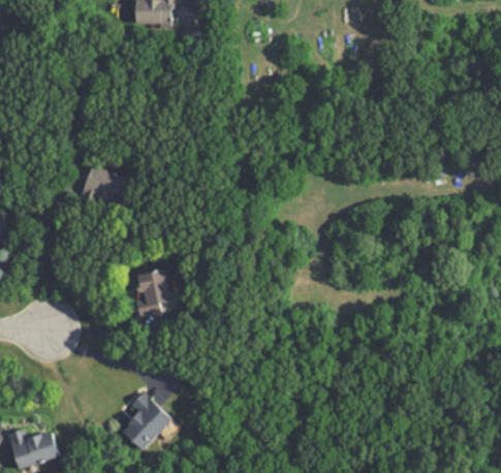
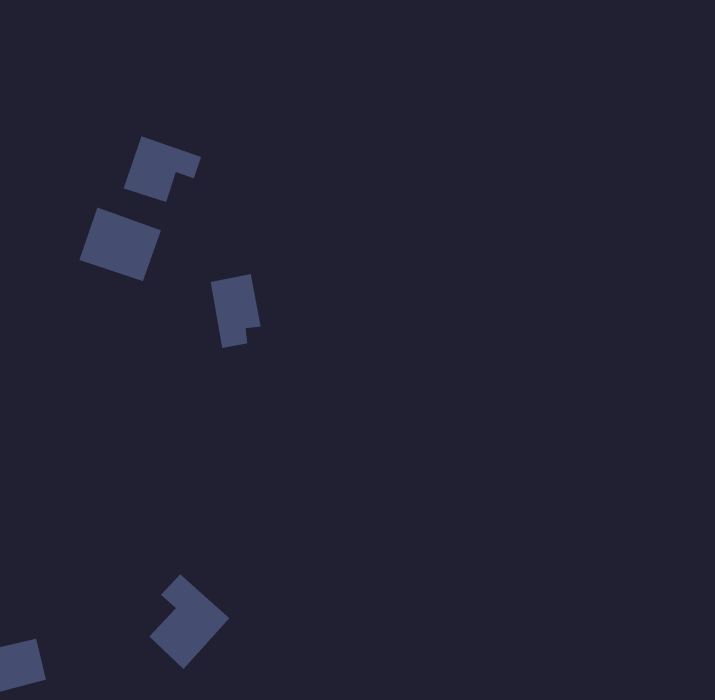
building: none -> [123,136,202,203]
building: [136,269,168,315] -> [210,274,261,349]

